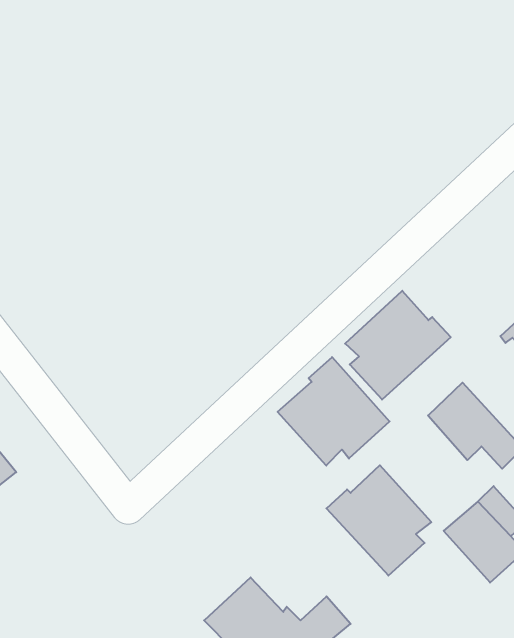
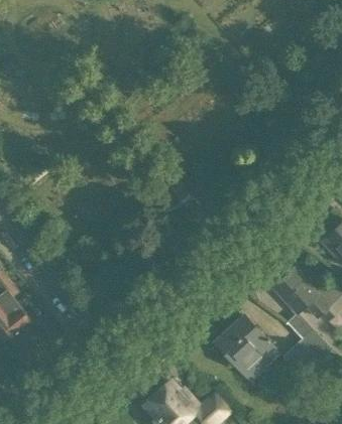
building: [345,291,451,400] -> none
building: [278,357,390,466] -> none

